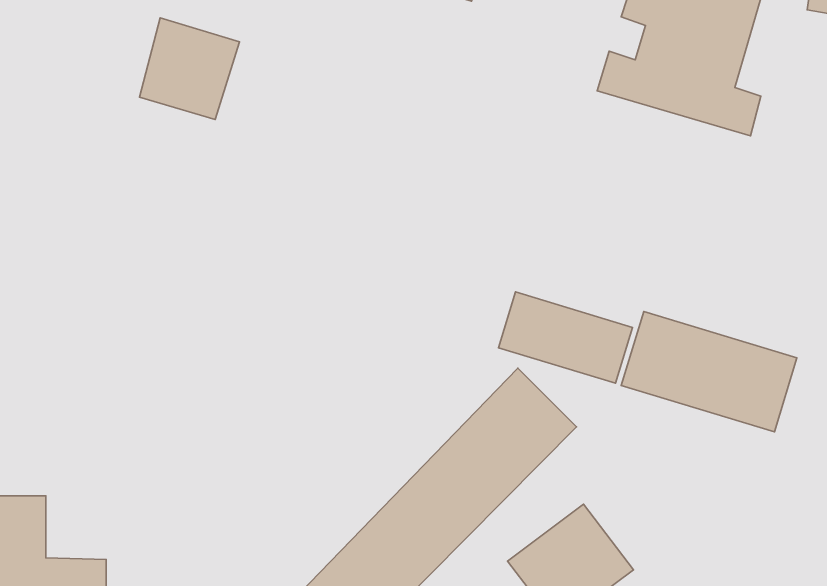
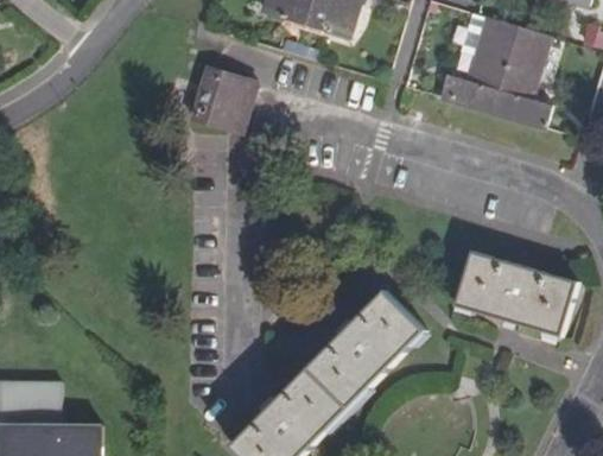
building: [139,18,239,119] -> [189,65,258,135]
building: [499,292,633,383] -> none

